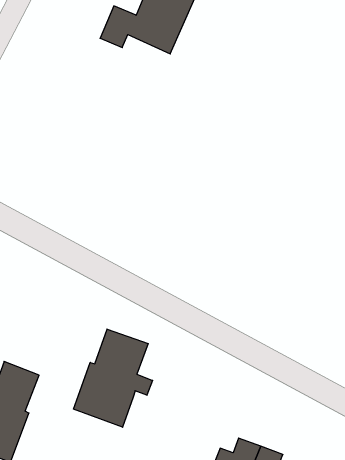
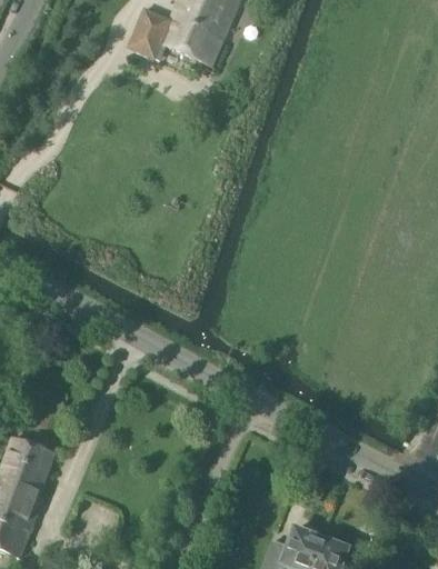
building: [74,329,153,427] -> none

